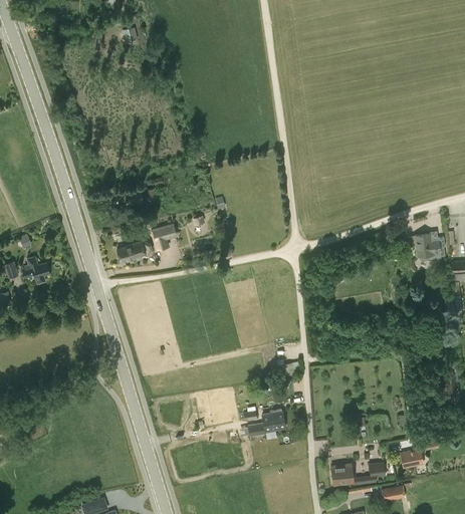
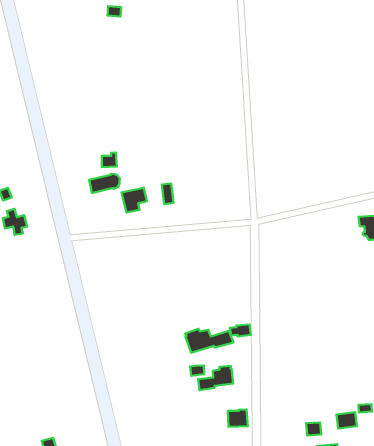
building: [118,240,151,262] -> [89,174,120,193]
building: none -> [185,329,233,353]
building: [330,464,354,484] -> [228,410,248,427]

